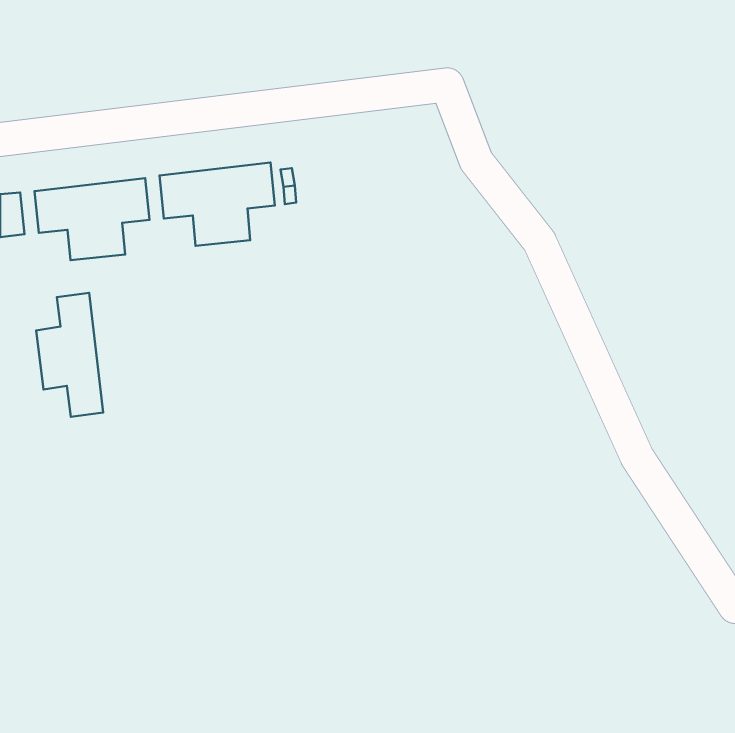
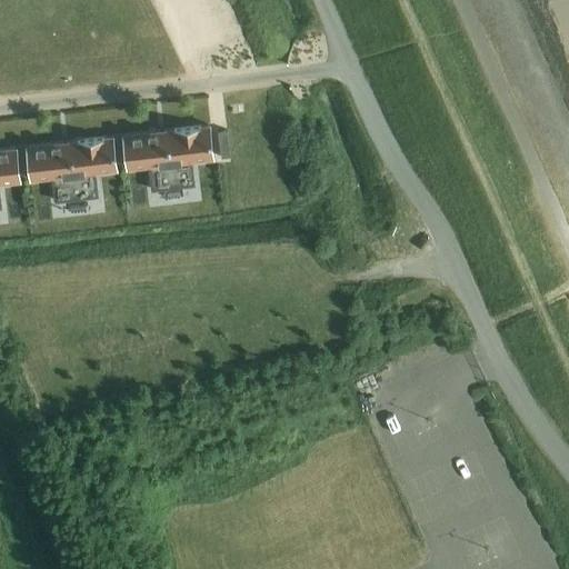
building: [36,293,103,417] -> none

